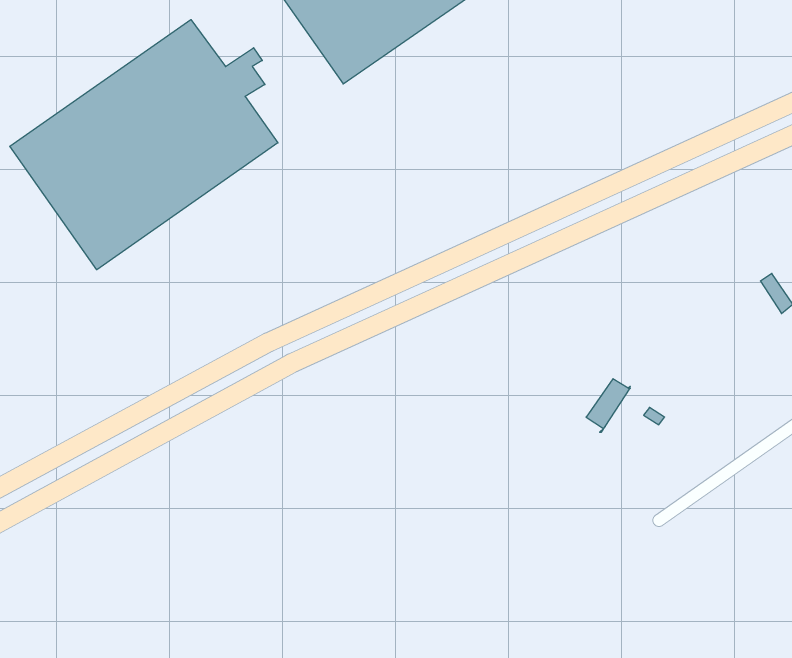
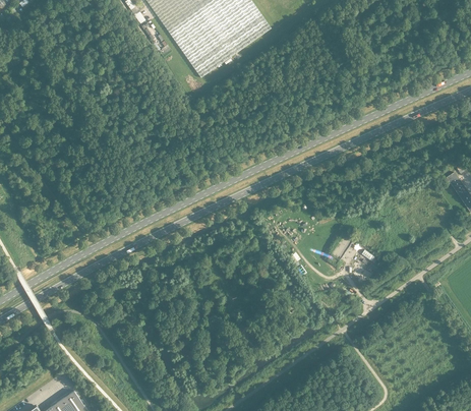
building: [10,20,278,270] -> none

